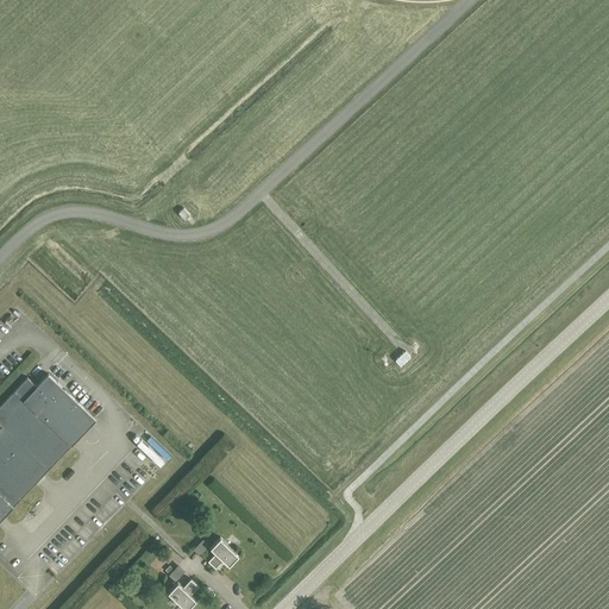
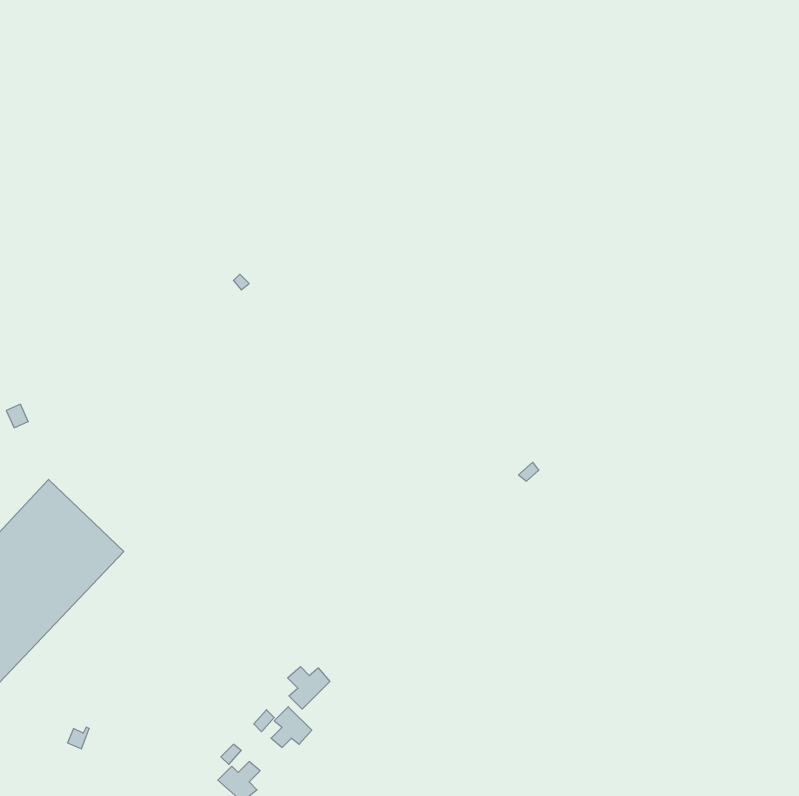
building: none -> [288,667,330,709]

